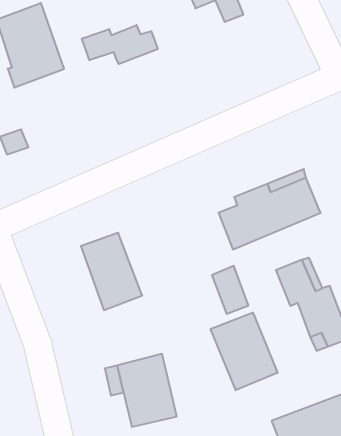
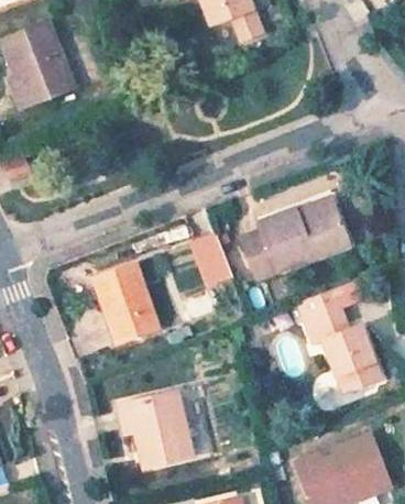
building: [82,25,158,64] -> none
building: [212,266,248,314] -> [190,232,229,283]
building: [211,313,278,390] -> none

